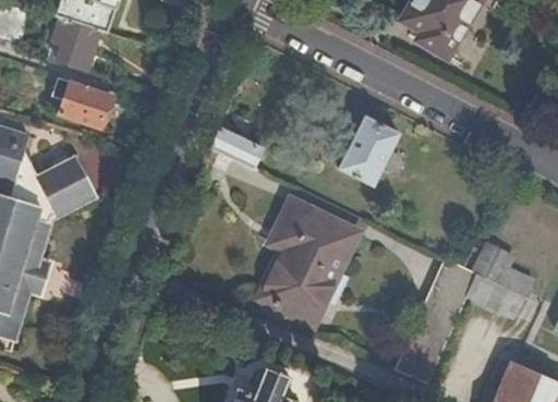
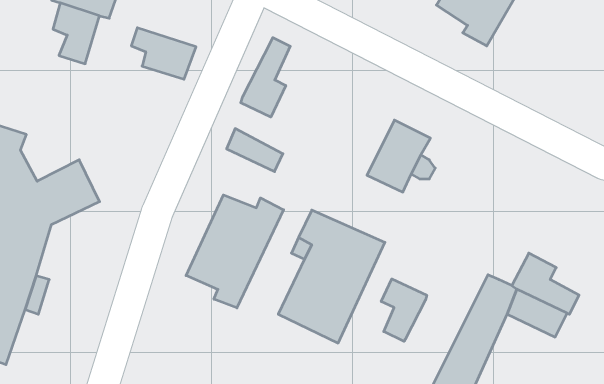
building: none -> [241,38,290,117]
building: [50,76,109,123] -> [131,28,196,79]
building: none -> [186,195,284,308]
building: none -> [381,279,427,341]

